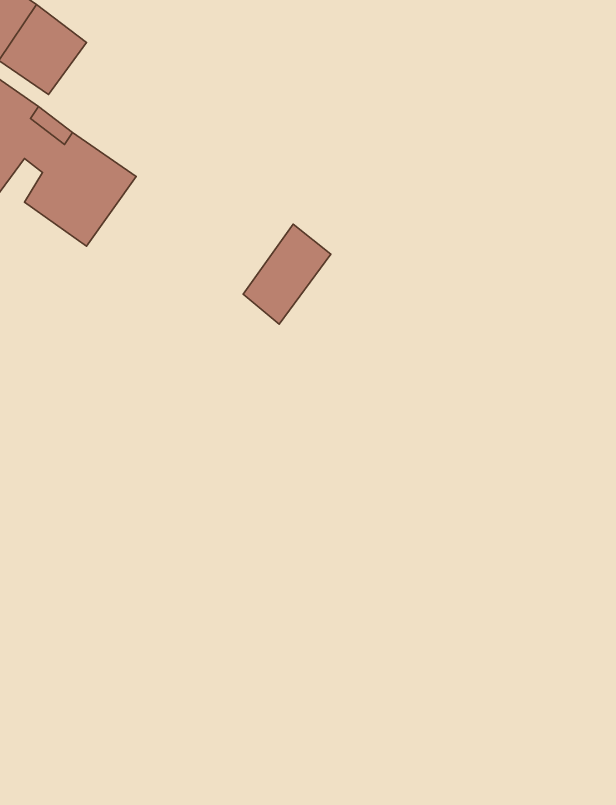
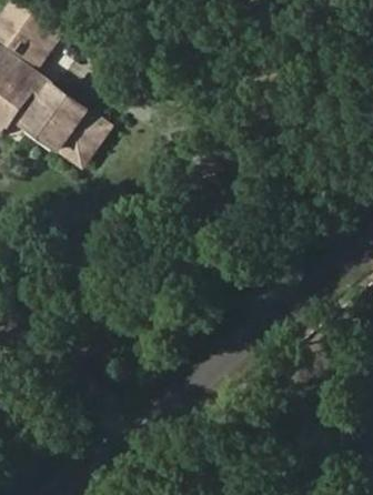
building: [243,224,331,324] -> [61,110,110,165]

